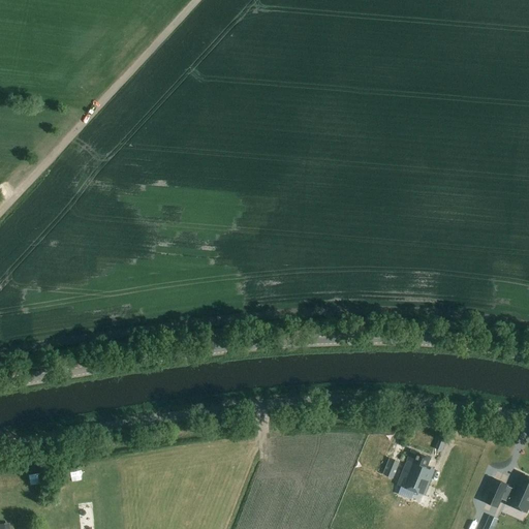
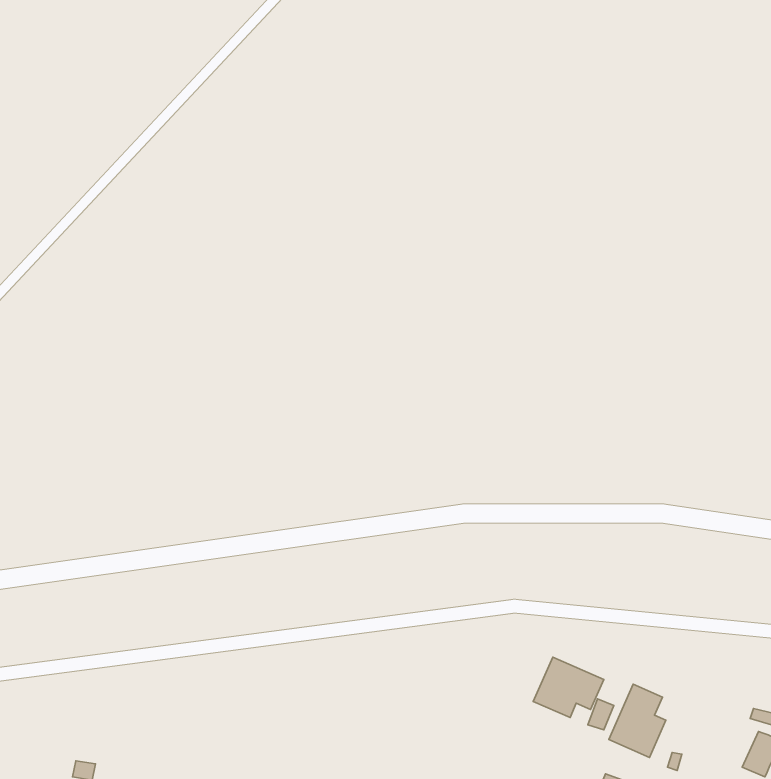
building: none -> [533,657,604,718]

